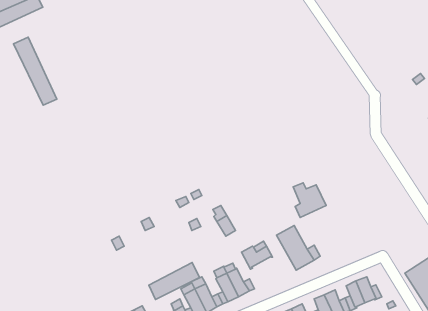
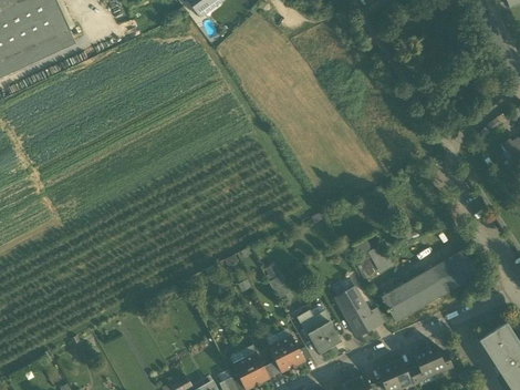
building: [14,37,57,105] -> none
building: none -> [381,250,477,322]
building: none -> [308,321,341,353]
building: [149,262,200,300] -> none

